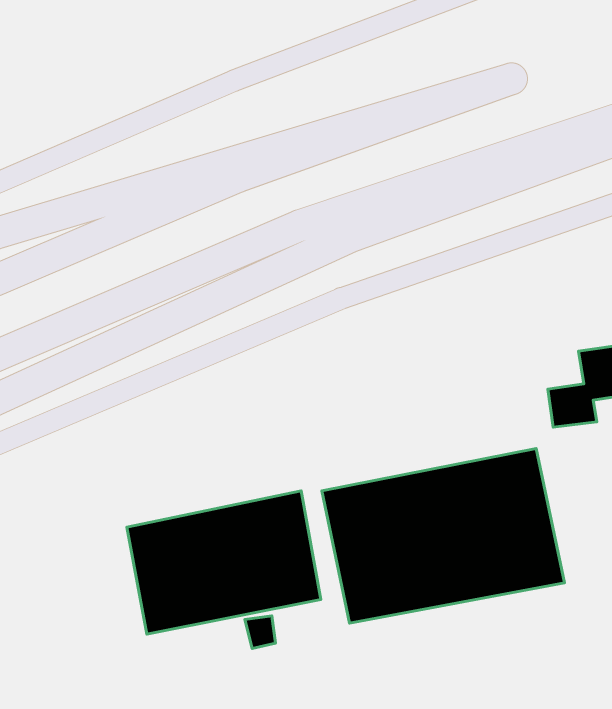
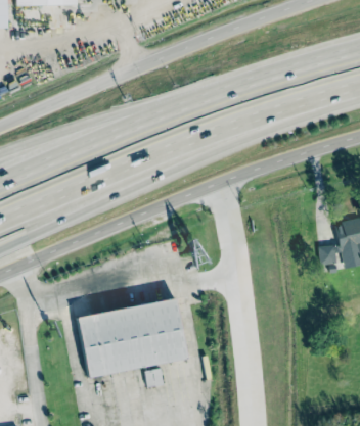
building: [322,449,565,623] -> none

